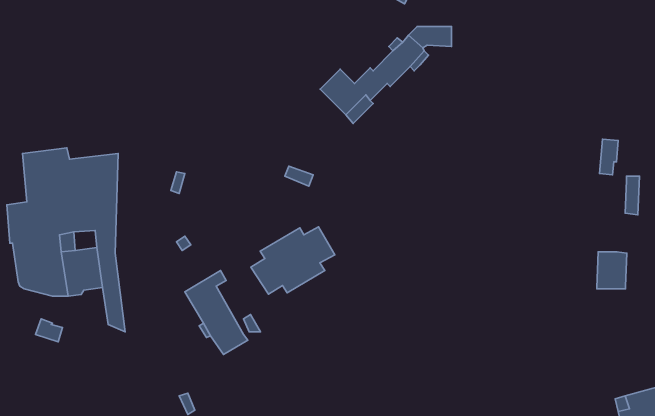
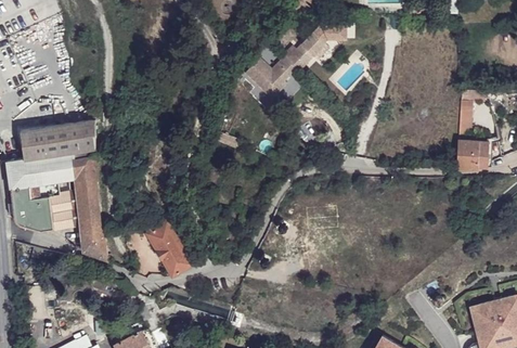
building: [251,227,335,294] -> none
building: [597,252,627,289] -> [455,141,478,169]

